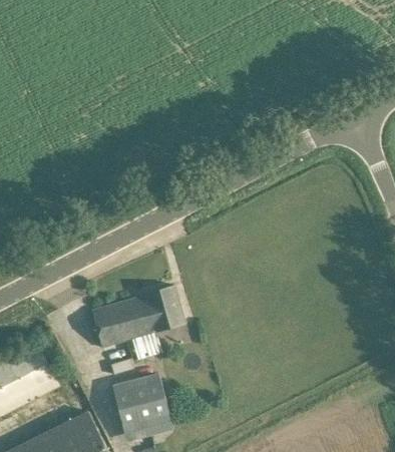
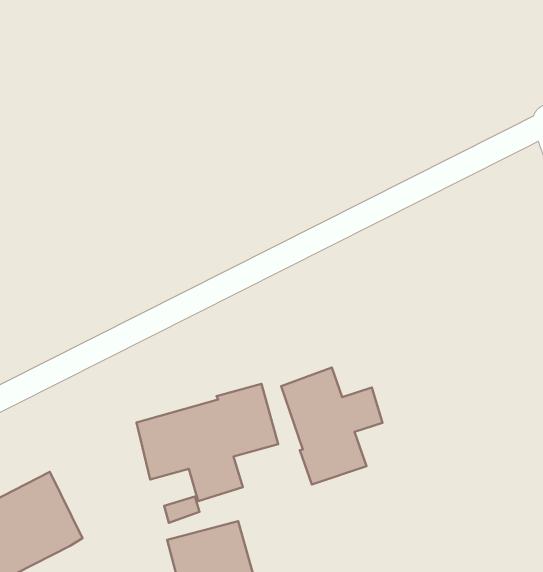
building: none -> [281,368,383,485]

